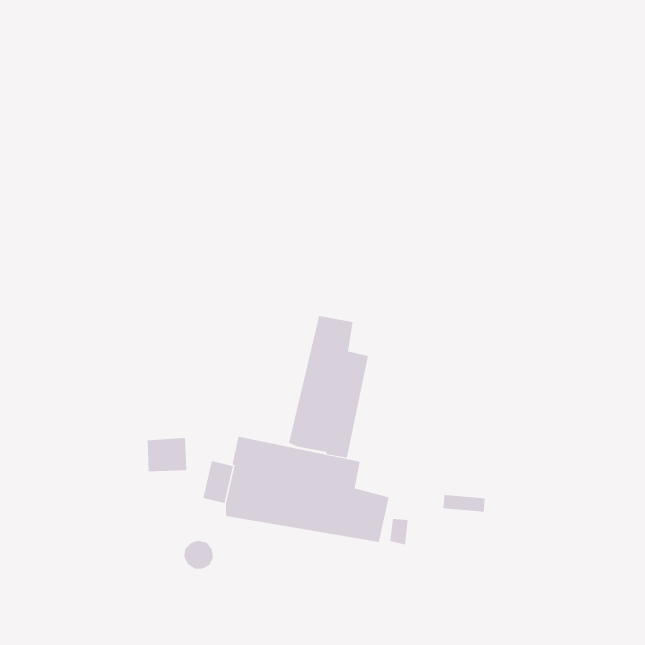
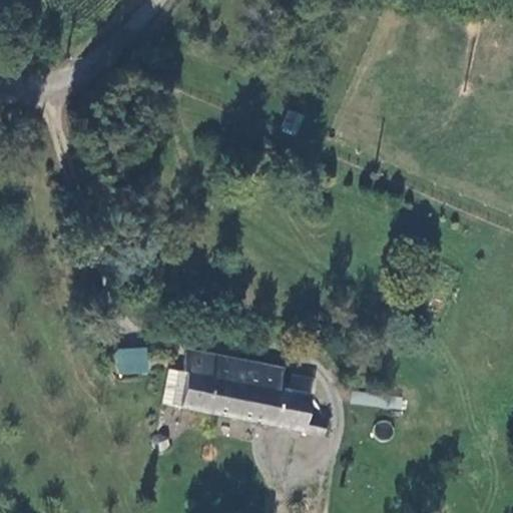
building: [288,315,369,459] -> none

